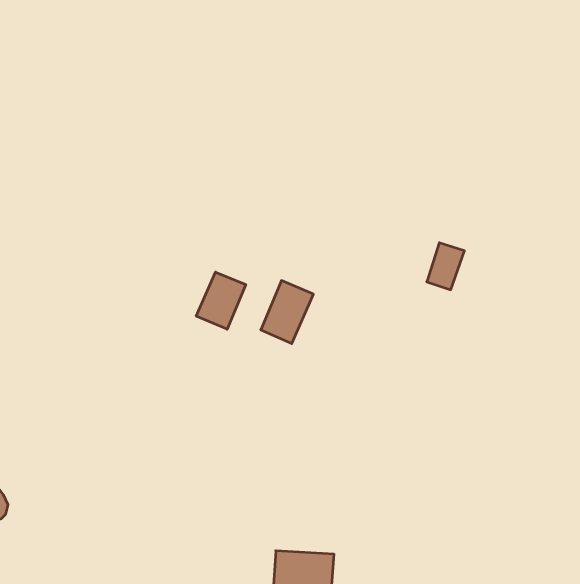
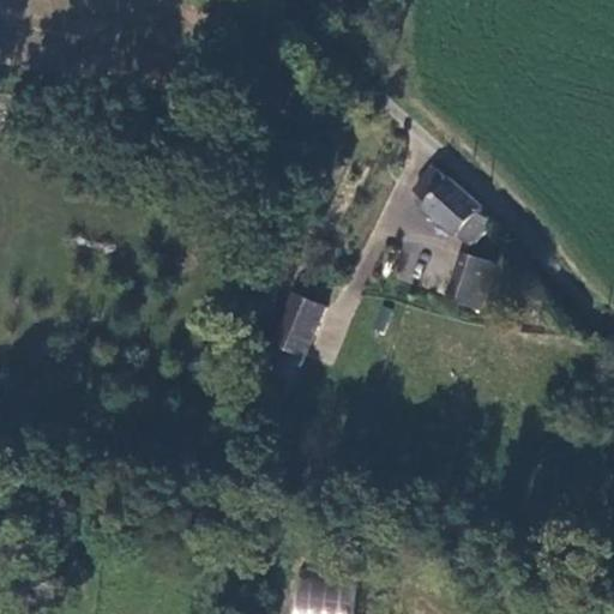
building: none -> [415,169,488,243]
building: [196,272,246,329] -> none

